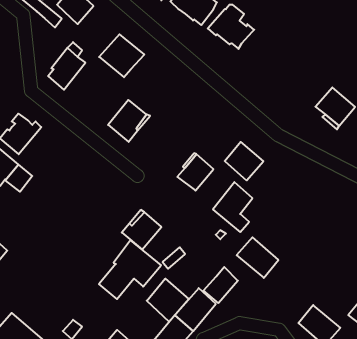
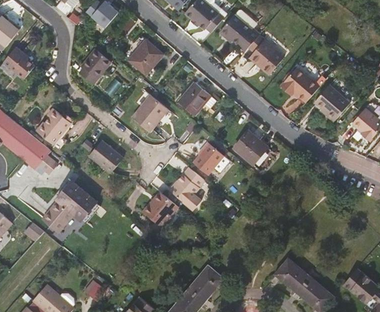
building: none -> [249,35,284,75]
building: none -> [281,67,318,102]
building: none -> [179,84,210,116]
building: none -> [88,141,122,174]
building: [213,182,252,232] -> [170,167,205,211]
building: [237,237,278,278] -> [275,256,312,292]
building: [99,240,161,299] -> [40,178,95,230]
building: [204,267,238,303] -> none
building: [147,279,189,322] -> none

